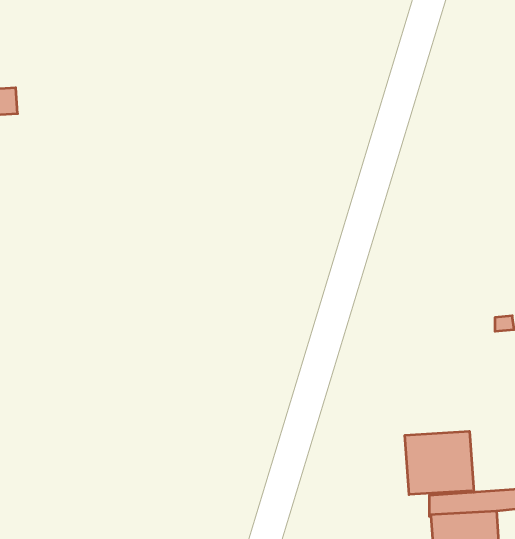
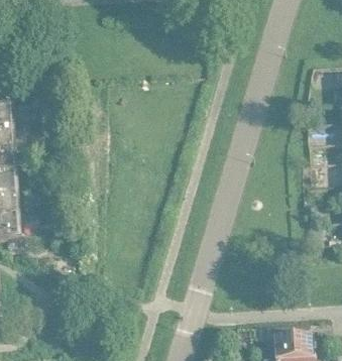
building: [405,431,474,495] -> none

